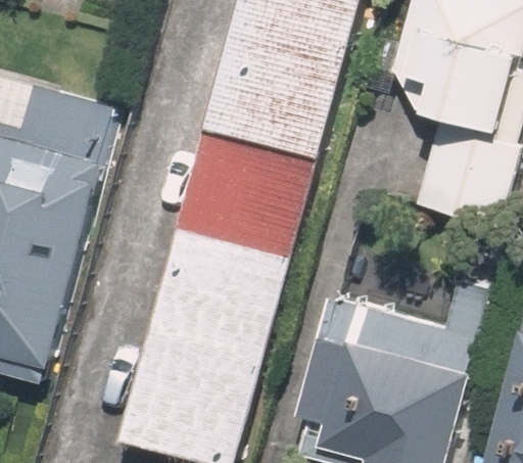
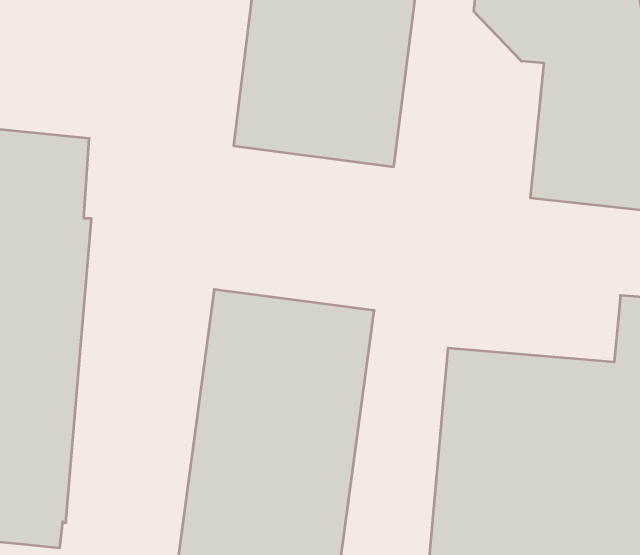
building: [179,130,317,260] -> none

